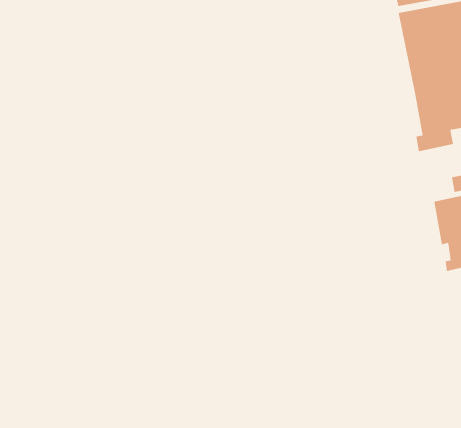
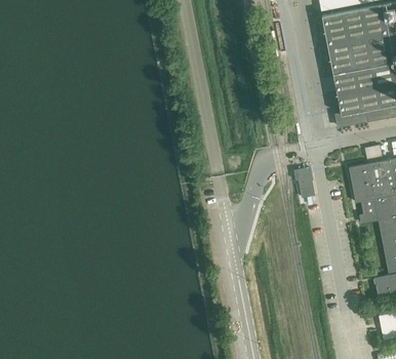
building: none -> [294,168,315,198]

